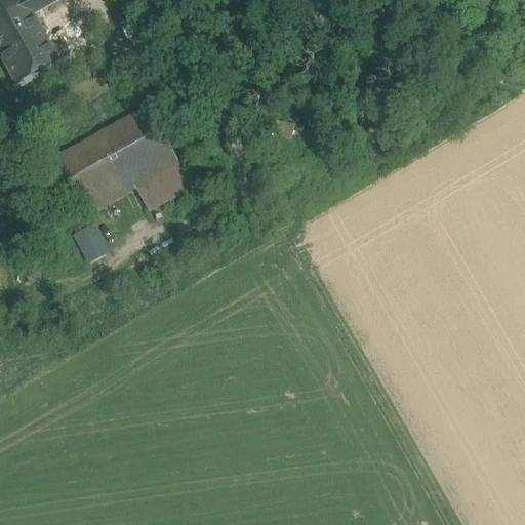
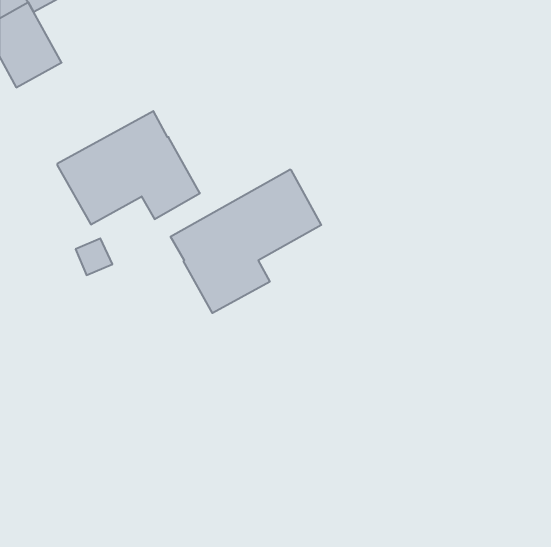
building: none -> [171,169,321,313]

